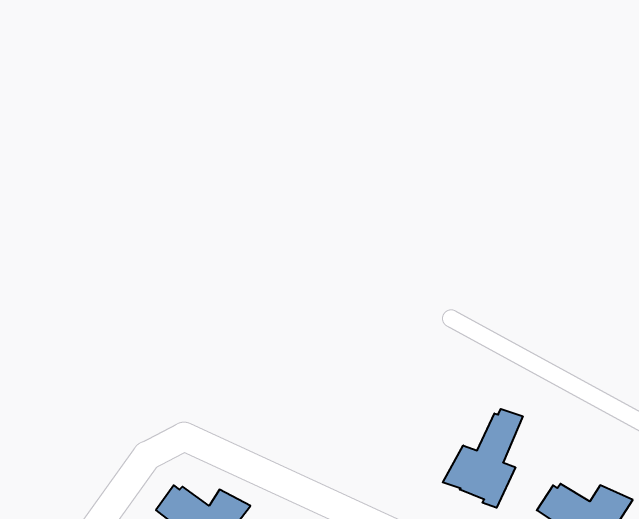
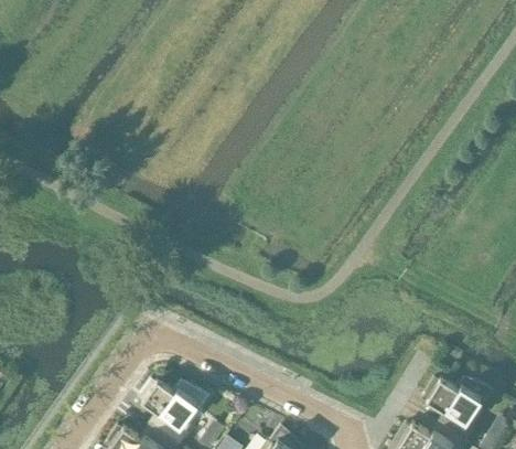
building: [443,409,523,508] -> none

